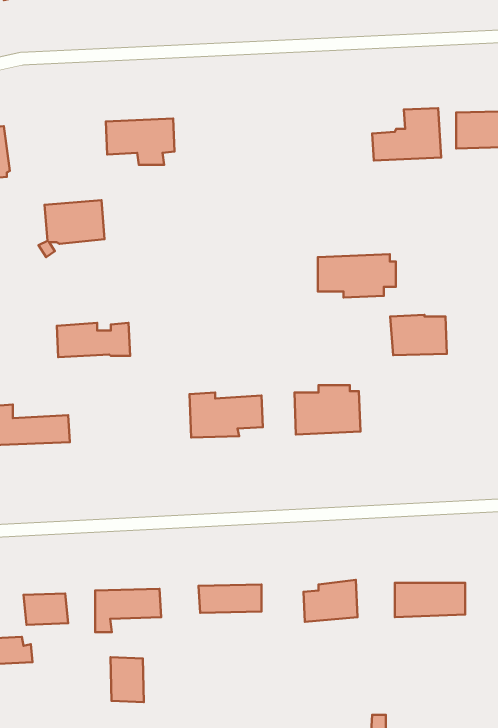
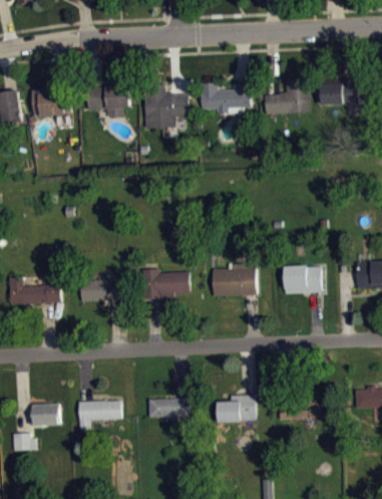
building: none -> [143,85,189,129]
building: [39,200,104,257] -> [27,87,71,126]
building: [318,254,396,297] -> [200,84,252,113]
building: [390,315,447,355] -> [283,266,321,293]
building: [57,323,130,357] -> [78,279,127,302]
building: [111,657,144,702] -> none

